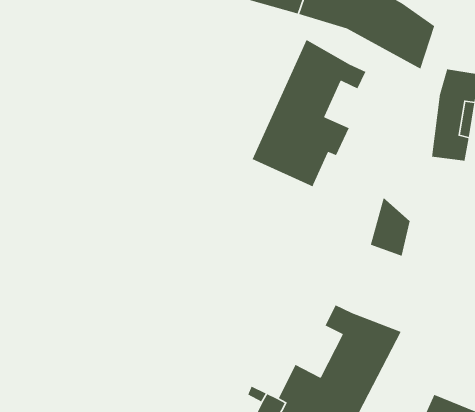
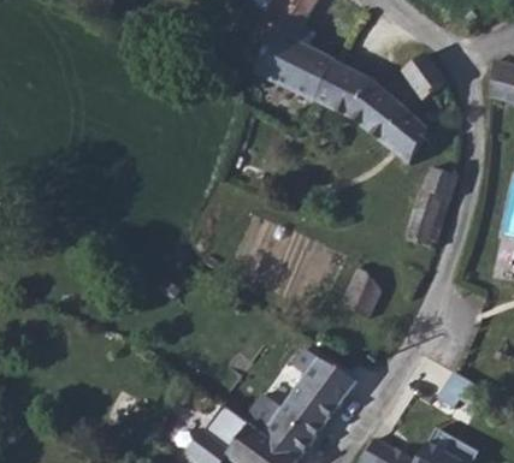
building: [252,39,367,188] -> none

